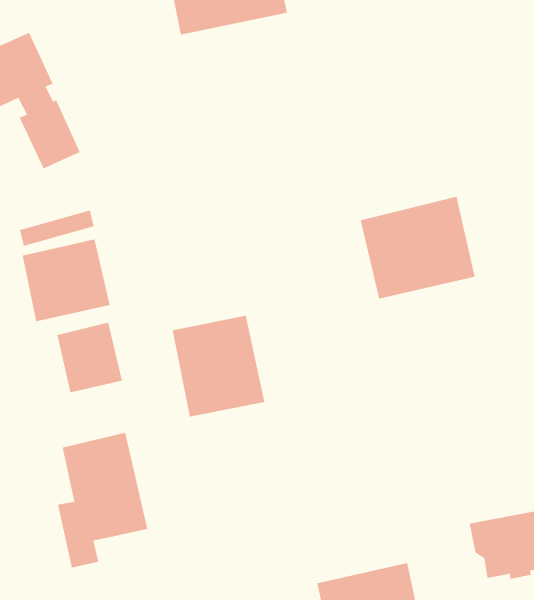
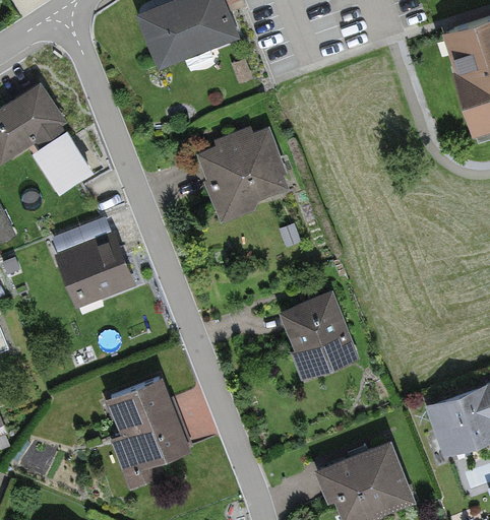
building: [360,196,476,299] -> [198,130,293,217]
building: [172,315,265,417] -> [280,294,359,378]
building: [57,322,122,393] -> none

